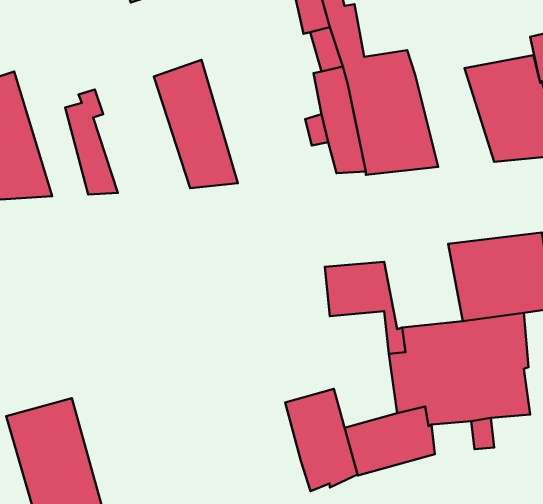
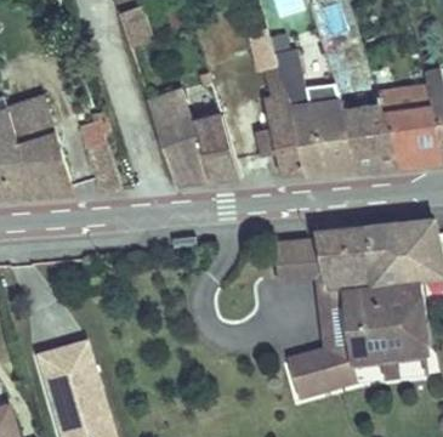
building: none -> [340,95,398,168]
building: none -> [192,113,239,180]
building: none -> [314,225,375,288]
building: [285,389,357,491] -> none

